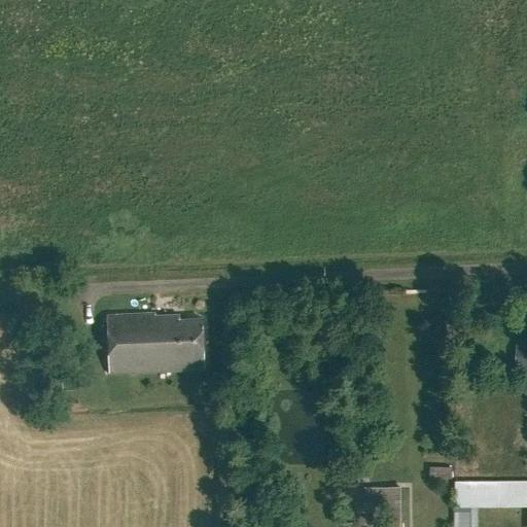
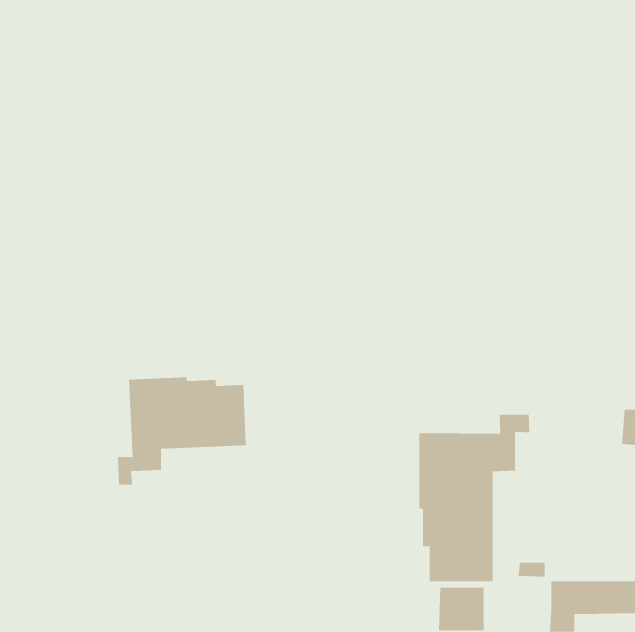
building: none -> [419,414,530,582]

